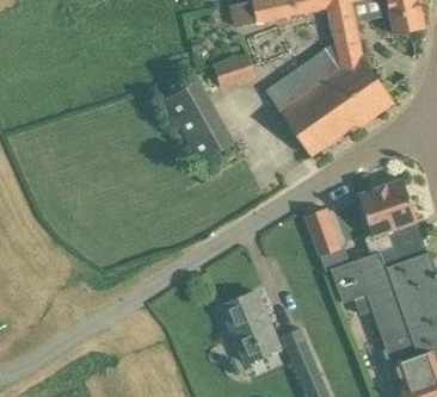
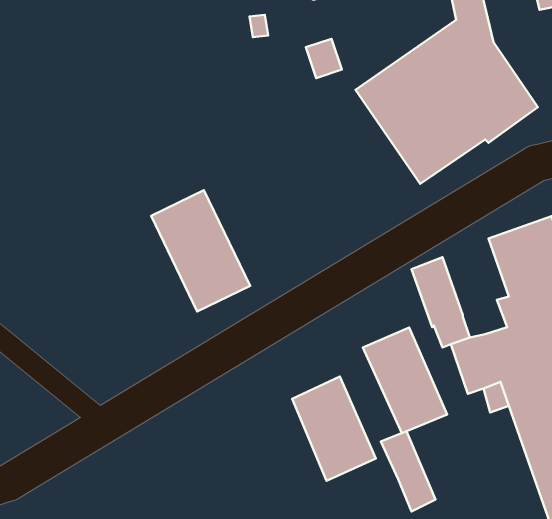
building: [160,75,229,160] -> [151,190,250,311]
building: none -> [363,328,447,433]

